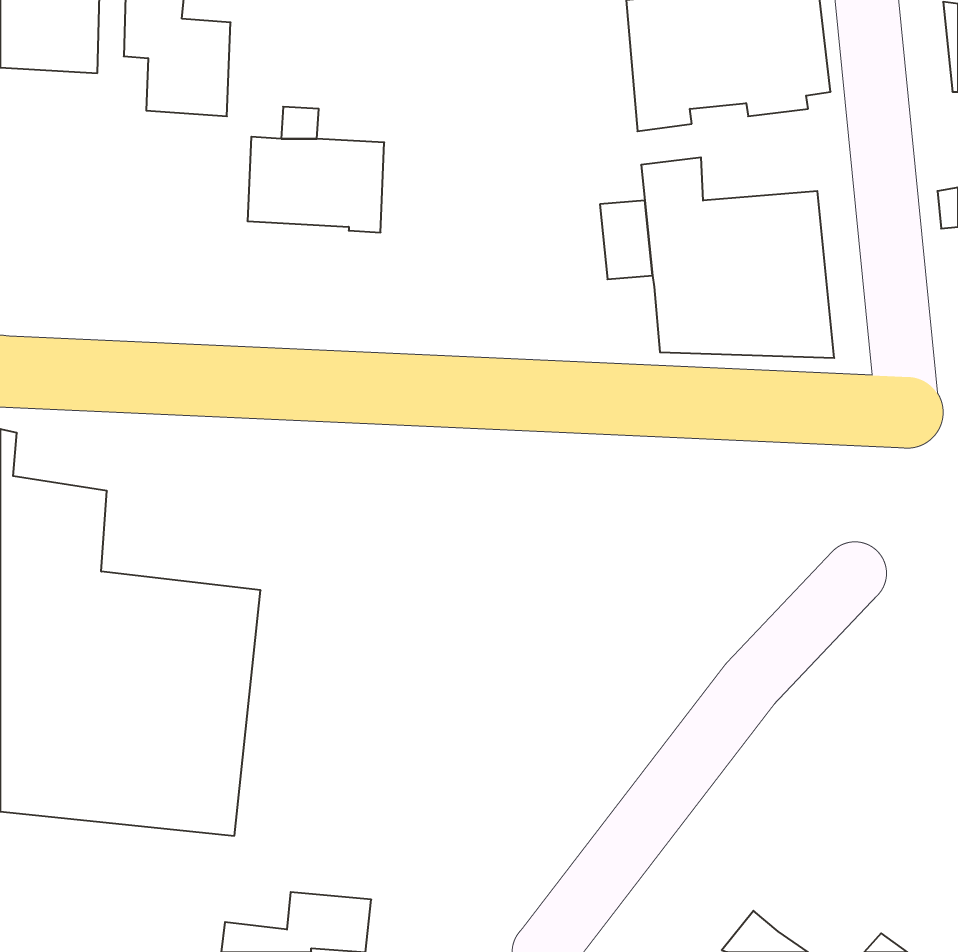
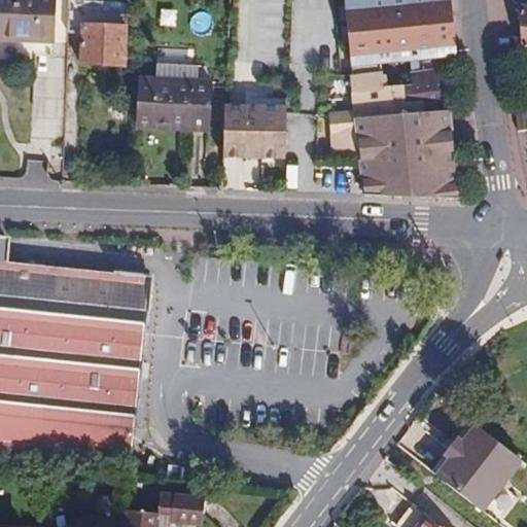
building: none -> [400,67,448,100]
building: none -> [221,103,286,162]
building: none -> [56,270,149,324]
building: none -> [437,422,521,508]

